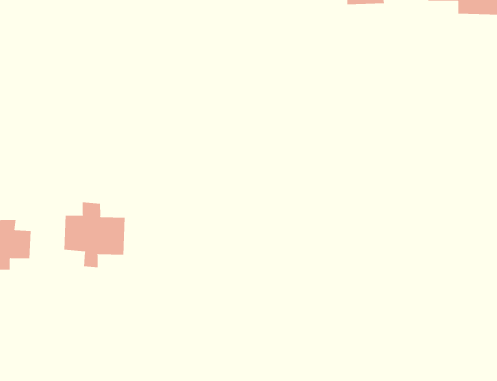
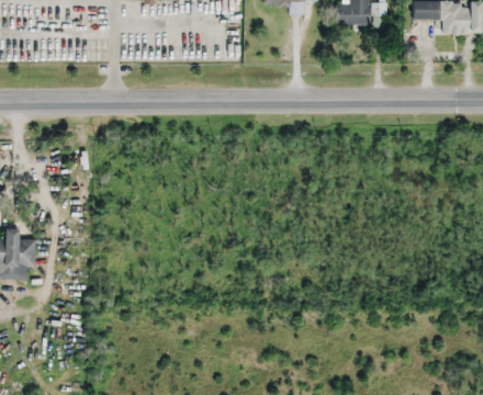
building: [64,202,125,268] -> none

